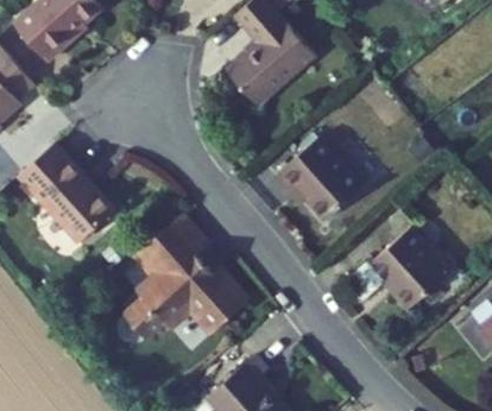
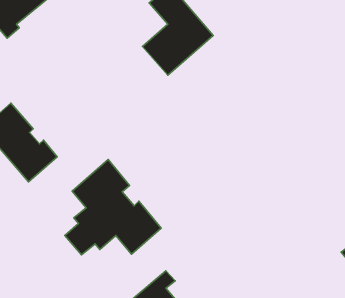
building: [269,137,359,221] -> none
building: [366,227,447,310] -> none

